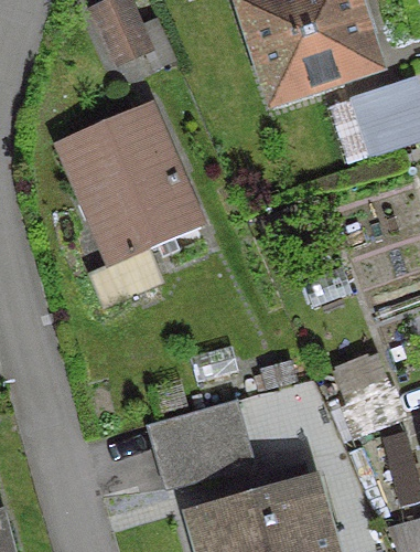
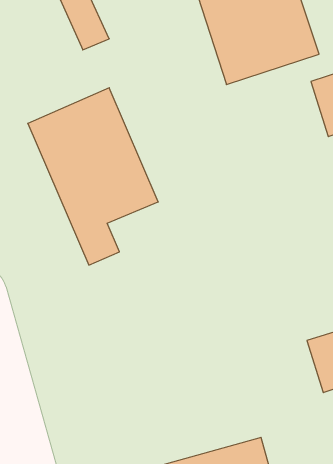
building: [152,401,249,487] -> none

